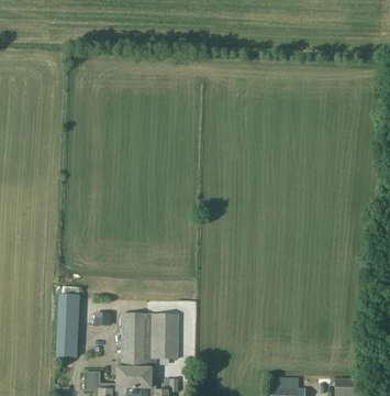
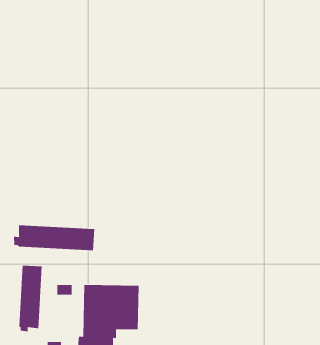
building: none -> [13,225,95,251]

